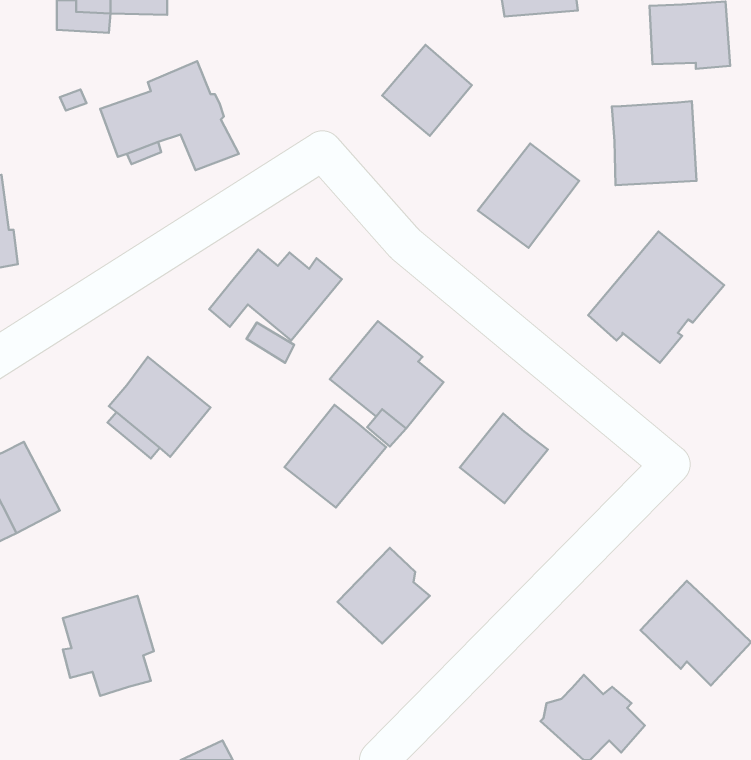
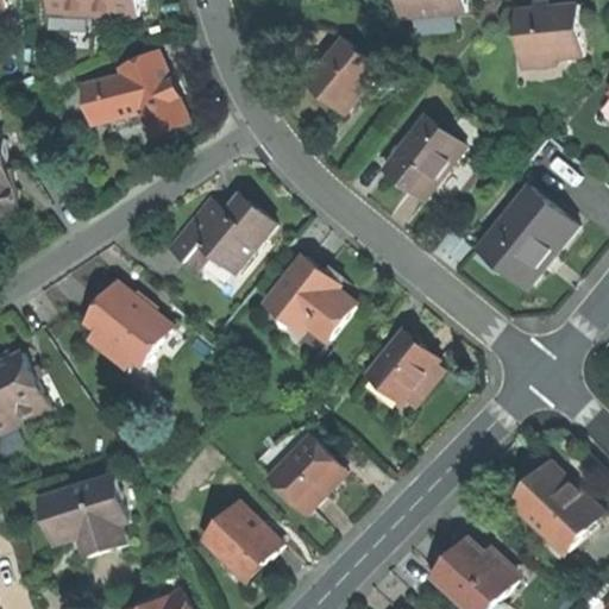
building: [612,101,696,185] -> none
building: [285,405,386,507] -> none
building: none -> [201,502,278,571]

